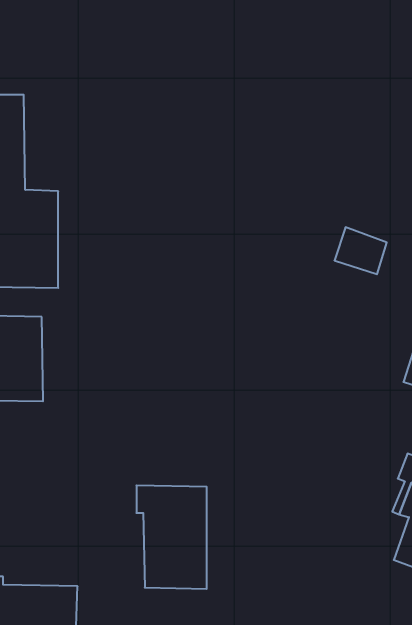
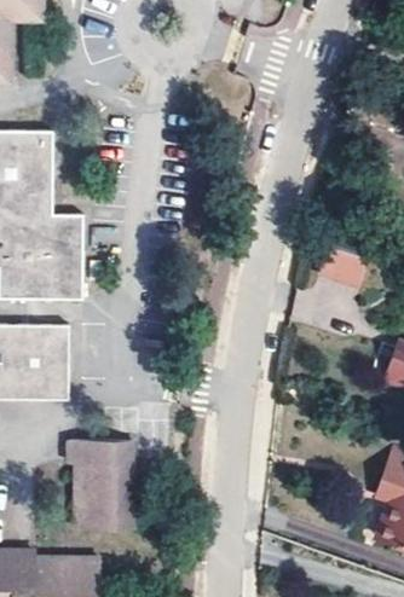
building: [136,485,207,589] -> [69,440,131,531]

